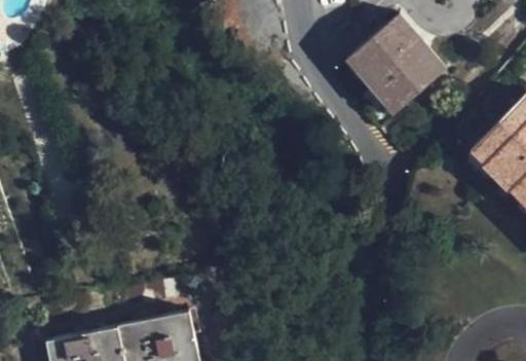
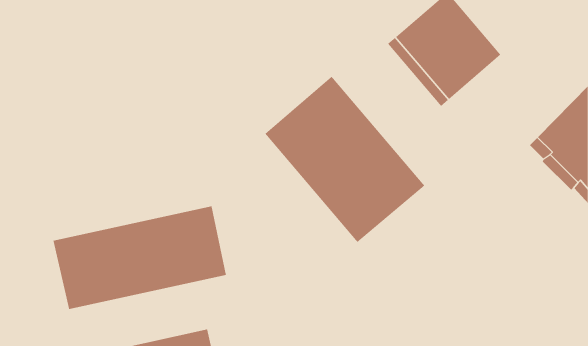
building: none -> [265,76,425,243]
building: none -> [53,205,227,310]

